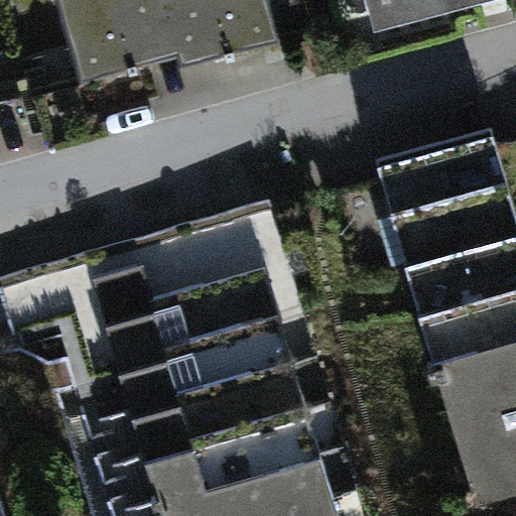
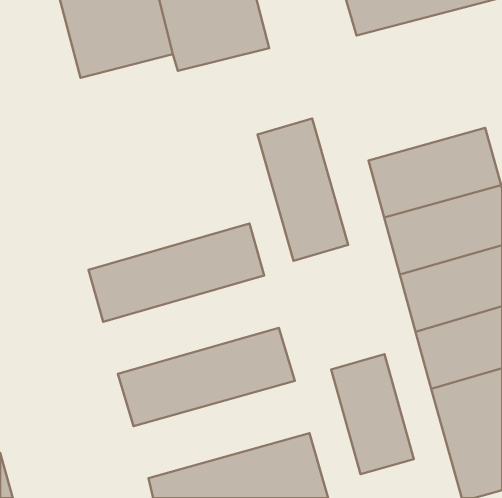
building: none -> [257,119,348,261]
building: [106,282,286,383] -> none
building: none -> [331,354,414,474]
building: [137,390,317,490] -> none

